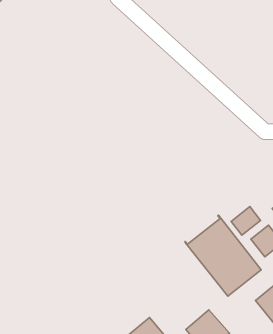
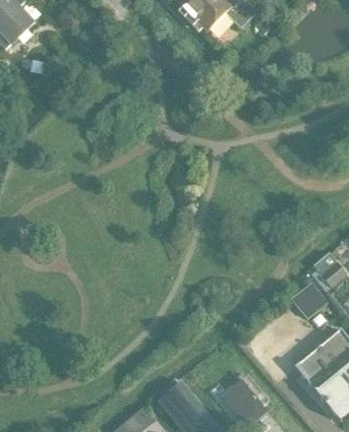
building: [231,207,261,235] -> none
building: [185,215,261,296] -> none

